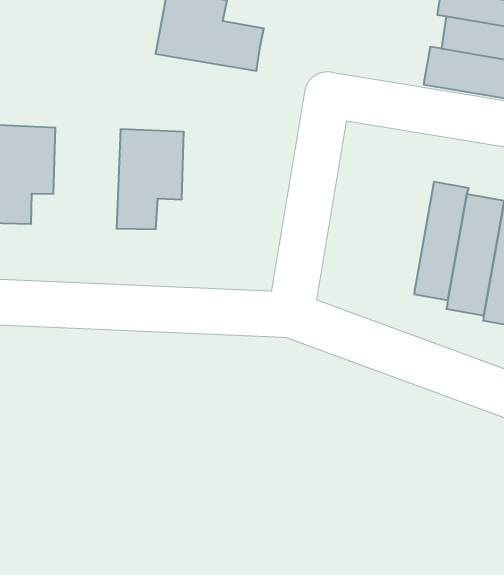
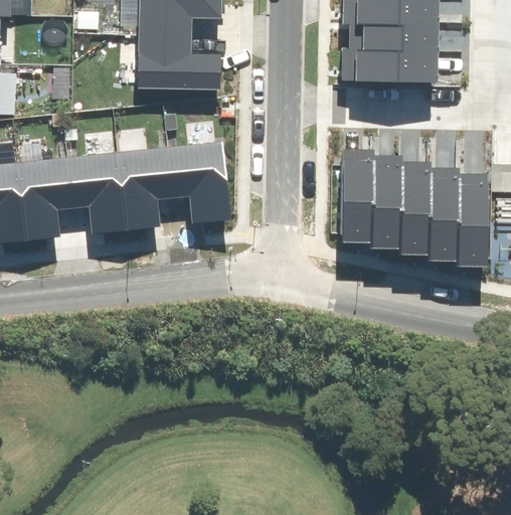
building: none -> [68,150,128,232]
building: none -> [170,140,229,220]
building: none -> [341,149,372,242]

